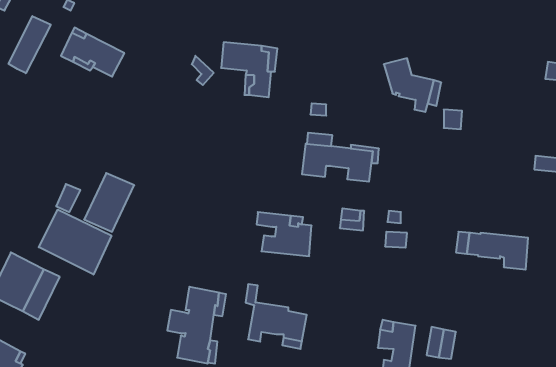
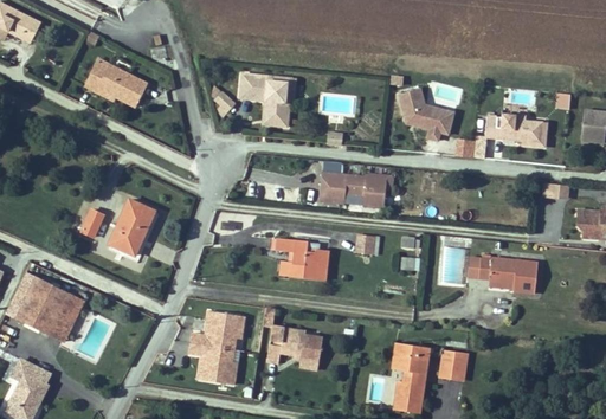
building: [9,16,51,73] -> none
building: none -> [485,115,547,147]
building: [39,210,111,275] -> none

